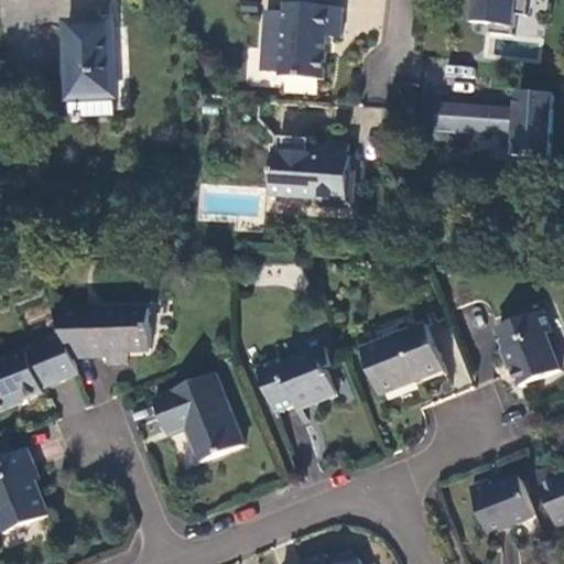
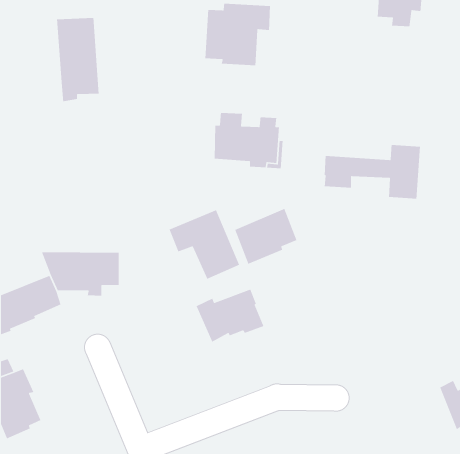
building: [425,89,543,156] -> [324,144,421,199]
building: [490,307,555,384] -> none
building: [366,323,443,392] -> [234,208,298,265]
building: [156,372,243,458] -> [169,209,240,280]
building: [470,475,535,532] -> none

